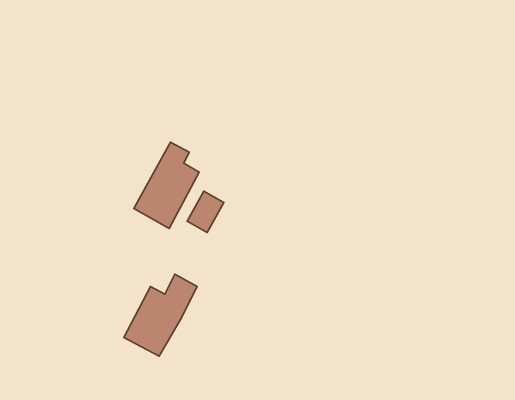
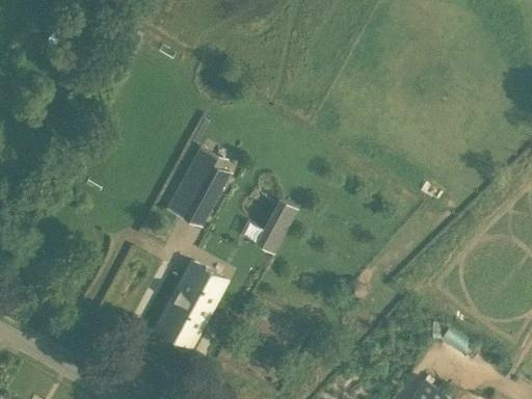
building: [187,191,224,232] -> [264,202,298,240]

